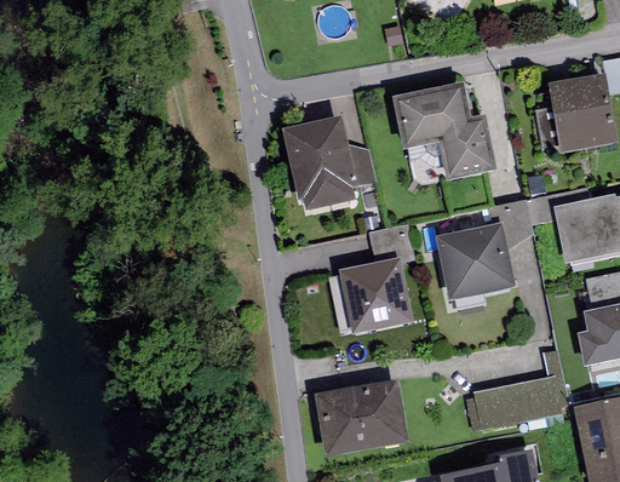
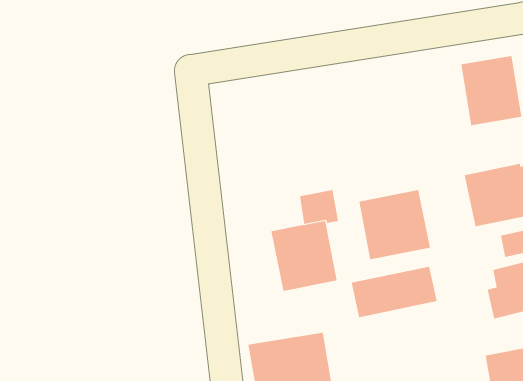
building: [391,82,496,182] -> none
building: [282,116,356,212] -> none
building: [472,369,568,426] -> [351,266,438,318]

